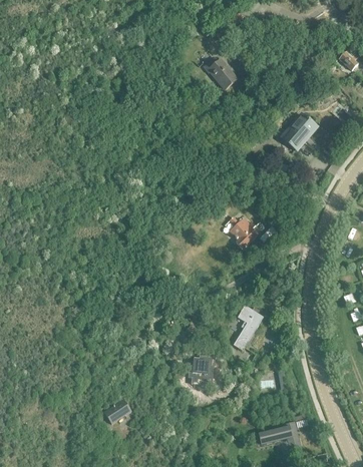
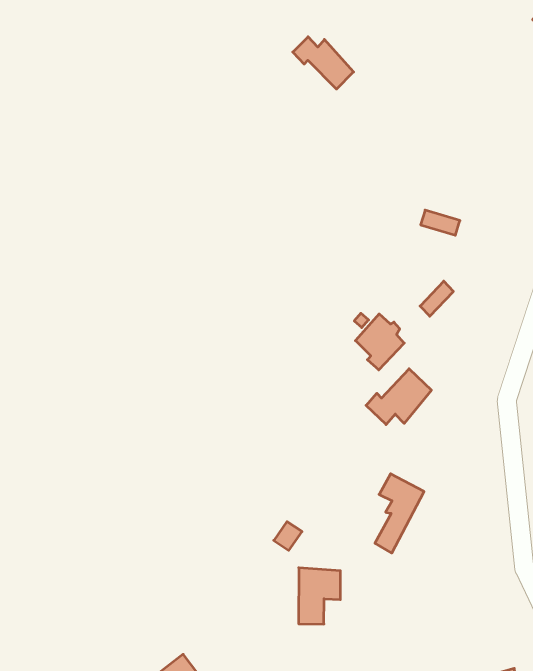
building: [282,113,316,149] -> none
building: none -> [366,369,431,425]

